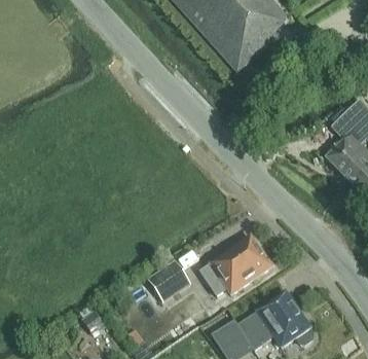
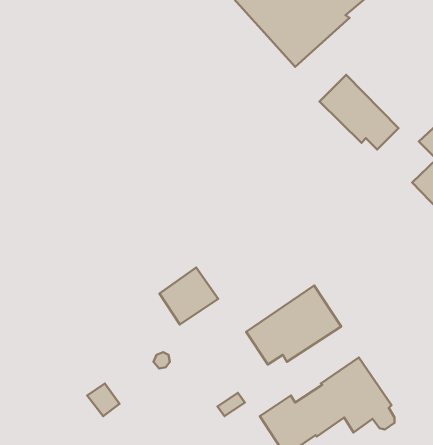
building: none -> [320,75,399,149]
building: [148,259,192,302] -> [160,268,218,325]

